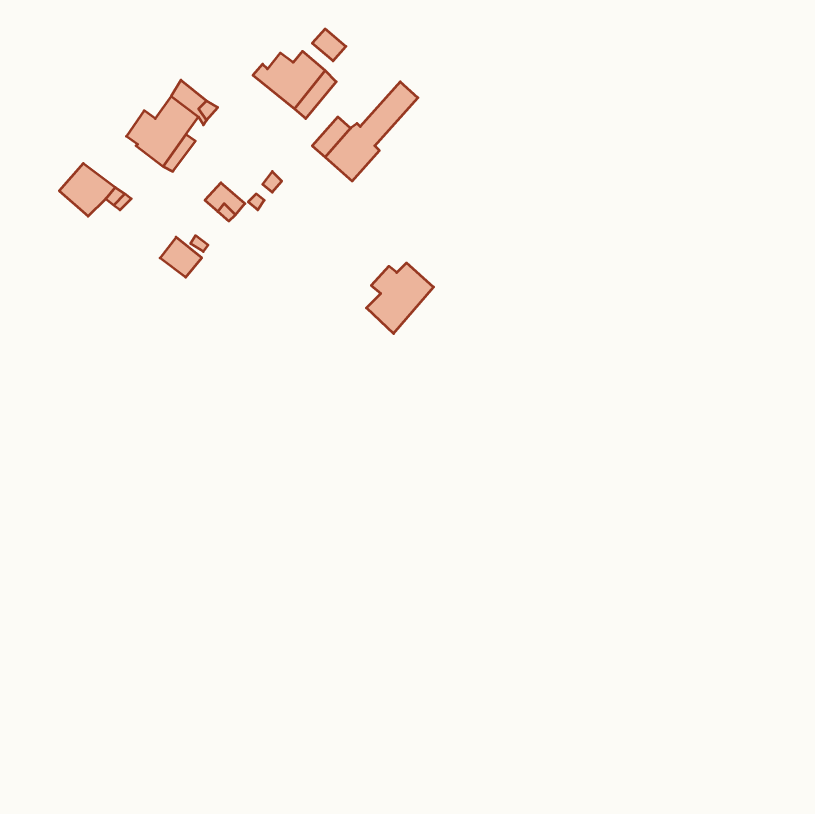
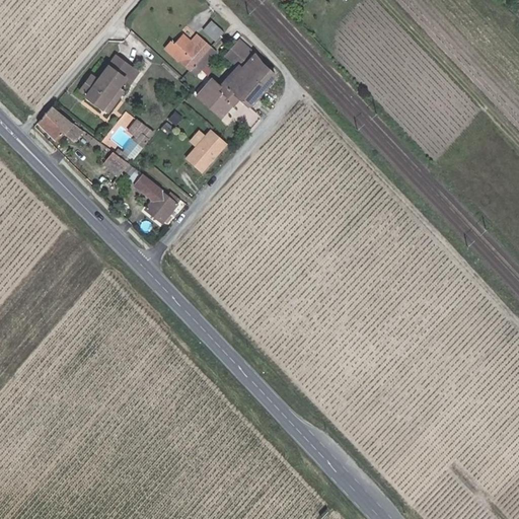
building: none -> [226,41,253,83]
building: none -> [237,65,276,106]
building: [366,263,434,334] -> [183,131,226,175]
building: none -> [135,176,177,221]

